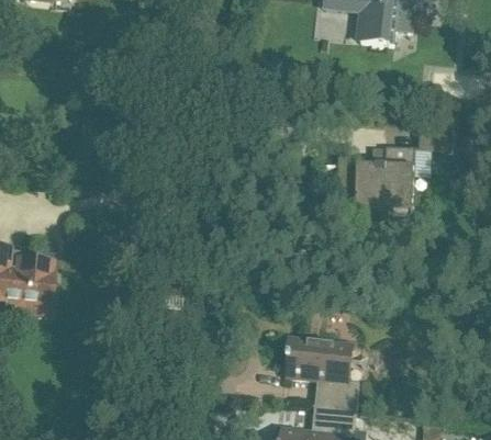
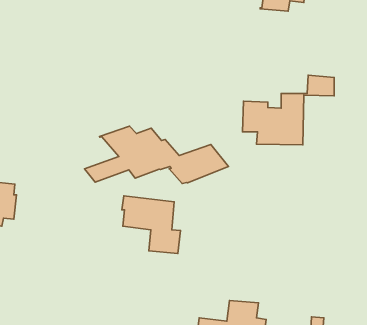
building: none -> [85,126,228,184]
building: [283,335,357,407] -> [122,196,180,253]

